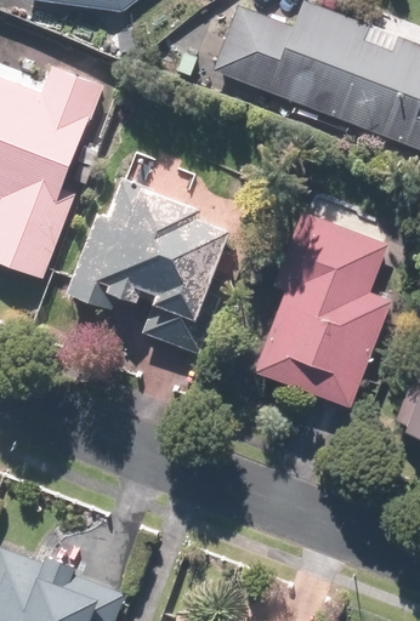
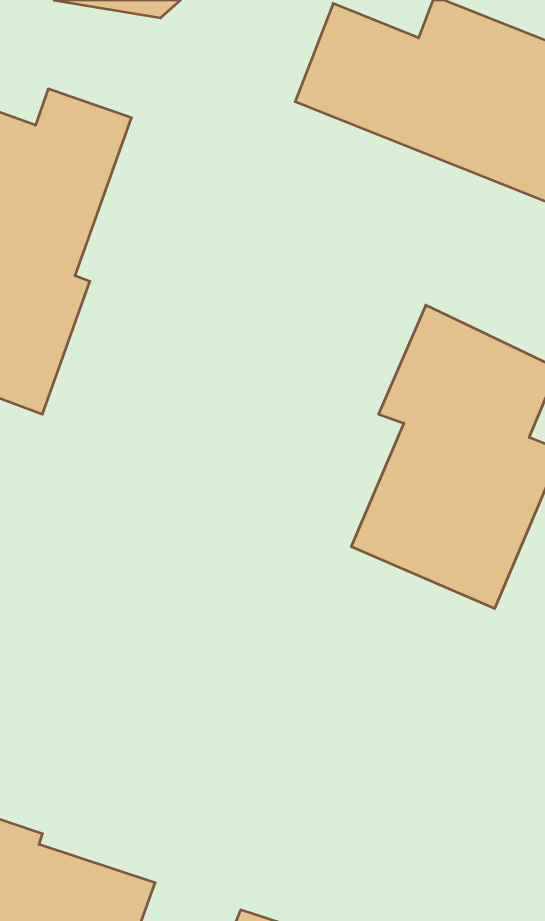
building: [66,178,244,354] -> none

